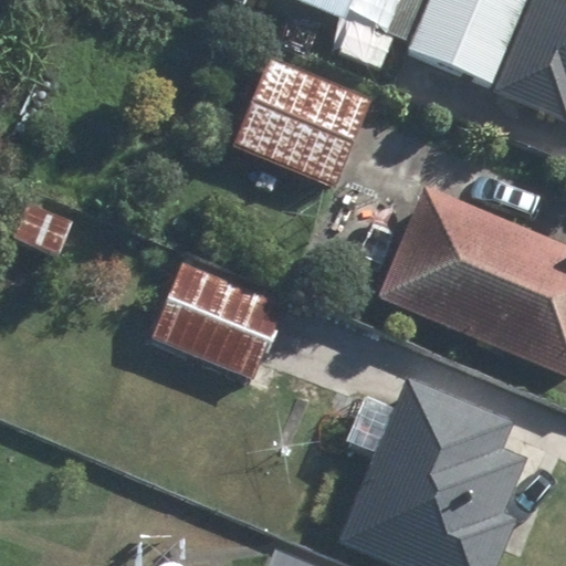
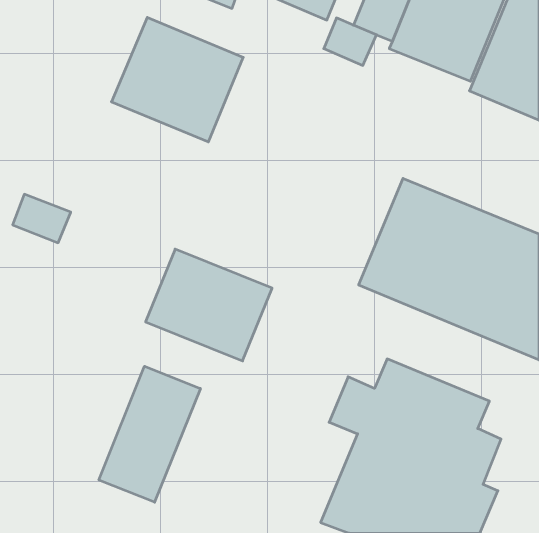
building: [234,57,373,188] -> [111,17,243,142]
building: none -> [99,366,200,502]

